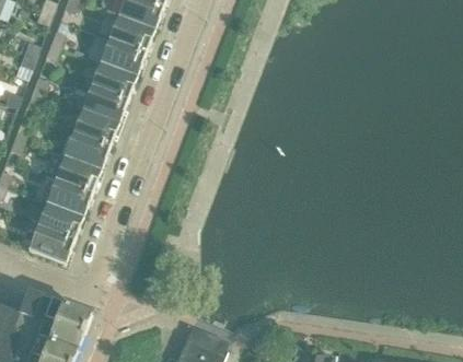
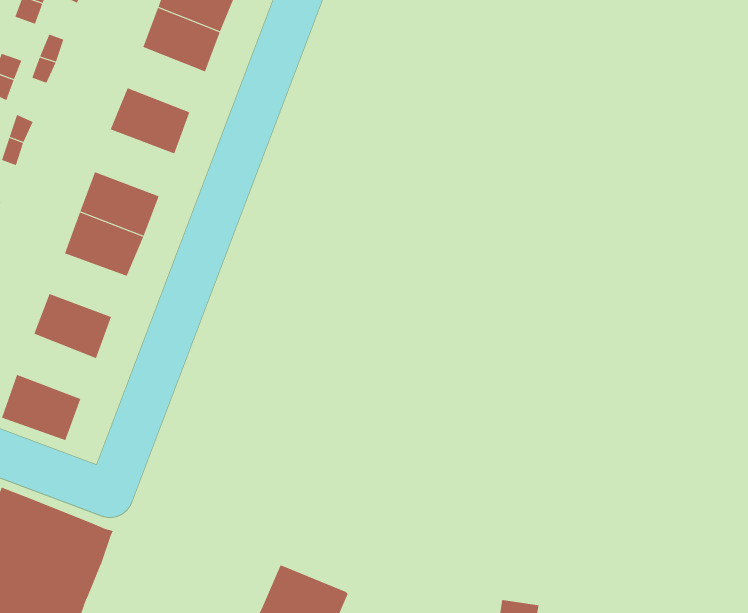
building: [100,37,144,74] -> none
building: [81,84,127,122] -> none
building: [44,151,100,191] -> none
building: [36,201,82,238] -> none

